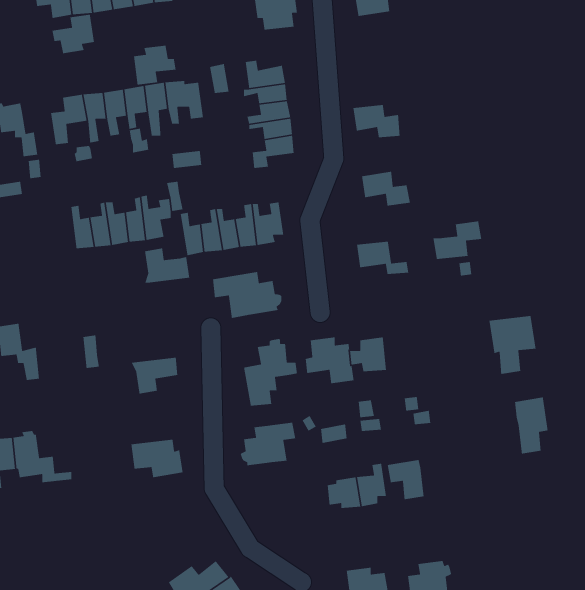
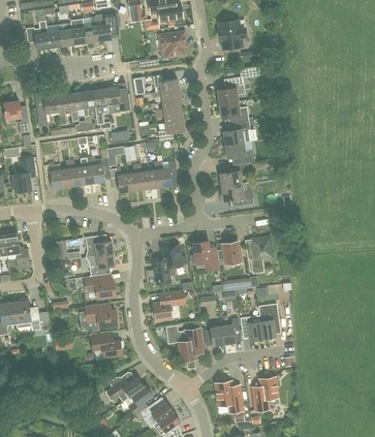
building: [52,14,95,54] -> none
building: [133,45,176,85] -> none
building: none -> [217,76,245,103]
building: none -> [223,121,250,145]
building: none -> [12,158,34,192]
building: [433,221,482,260] -> [219,162,249,186]
building: [144,248,190,283] -> [85,236,113,257]
building: [212,271,282,319] -> none
building: [489,315,536,375] -> [245,238,274,274]
building: none -> [84,275,115,299]
building: [514,397,548,455] -> [258,304,279,339]
building: none -> [178,329,202,362]
building: none -> [90,334,123,361]

